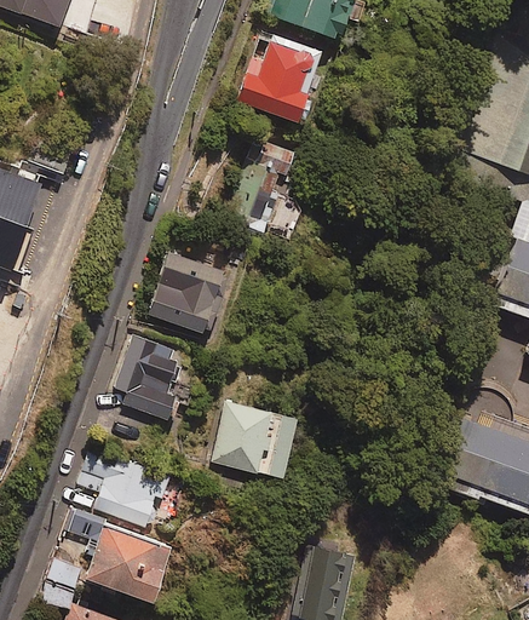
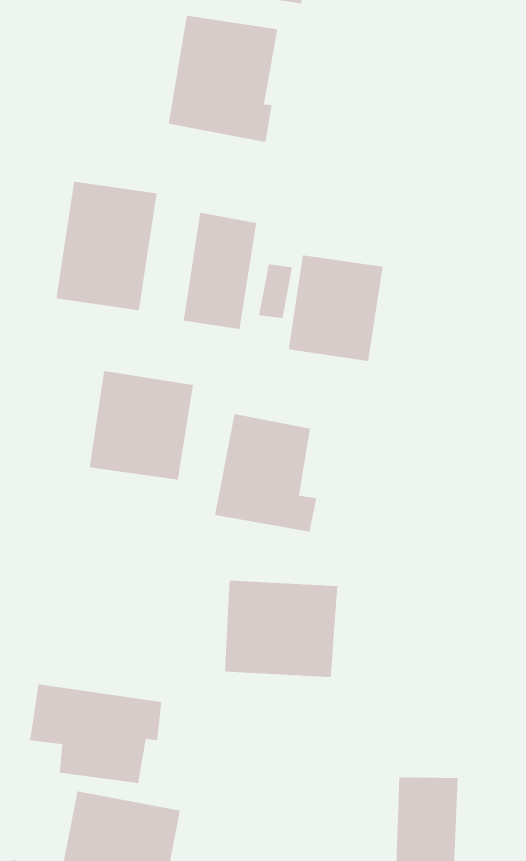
building: none -> [56,181,157,311]
building: none -> [288,254,384,362]
building: [110,335,183,421] -> [214,413,317,533]

